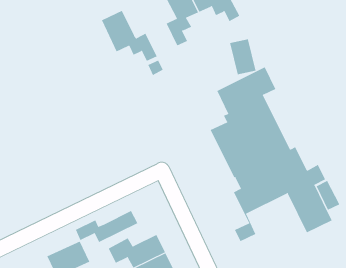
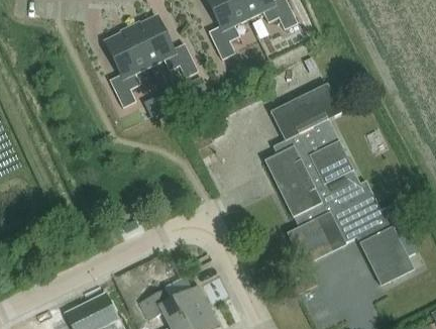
building: none -> [105,27,149,107]
building: [230,38,256,75] -> none
building: [75,210,138,243] -> none

